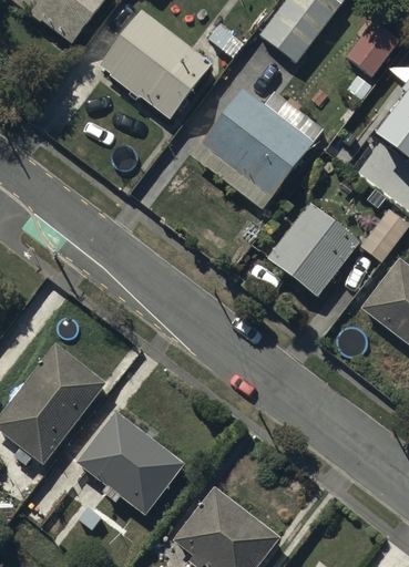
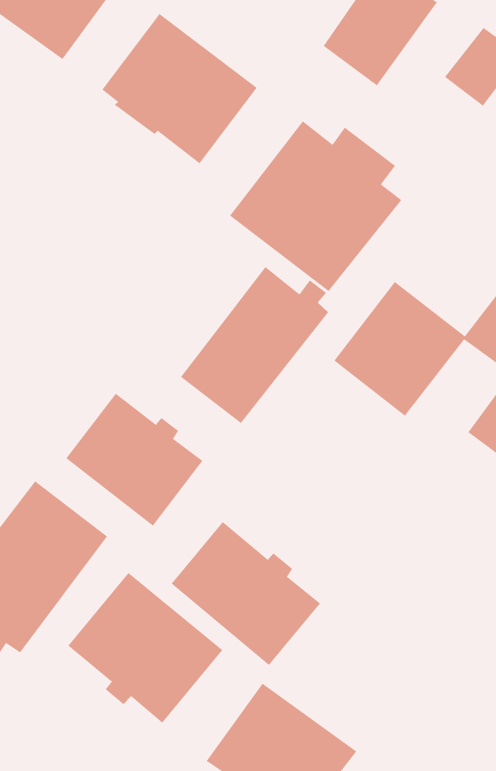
building: none -> [180,266,329,424]
building: none -> [66,393,203,526]
building: none -> [171,521,321,666]

